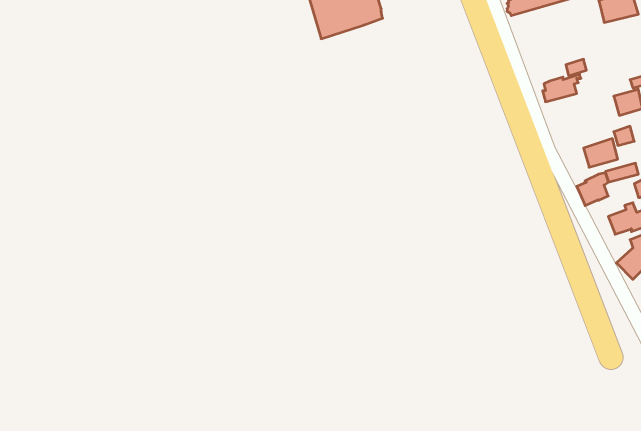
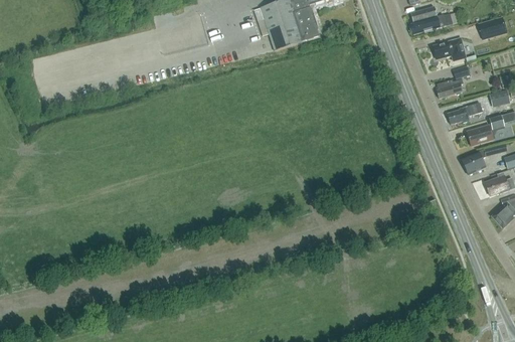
building: none -> [433,36,466,60]
building: none -> [448,101,483,124]

